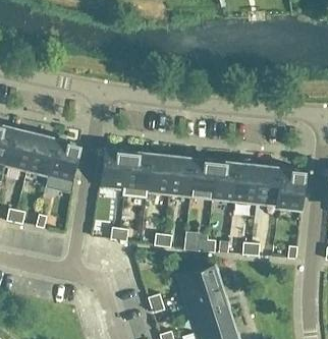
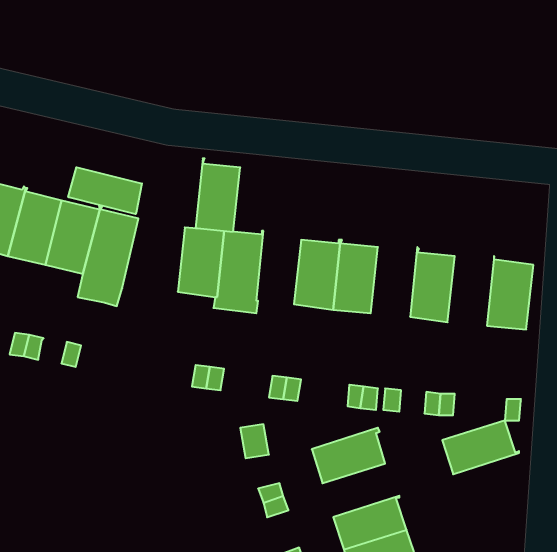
building: none -> [68,167,142,214]
building: [147,151,172,192] -> [196,158,240,232]
building: [212,160,238,200] -> none
building: [256,165,282,205] -> none
building: [184,283,228,314] -> [442,421,519,474]

